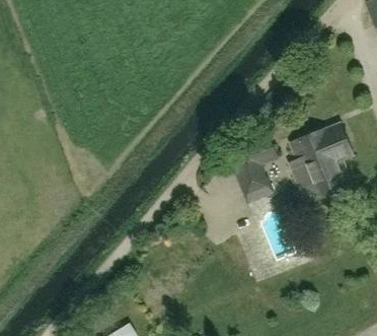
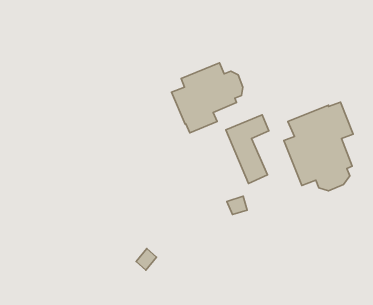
building: none -> [172,63,243,133]

